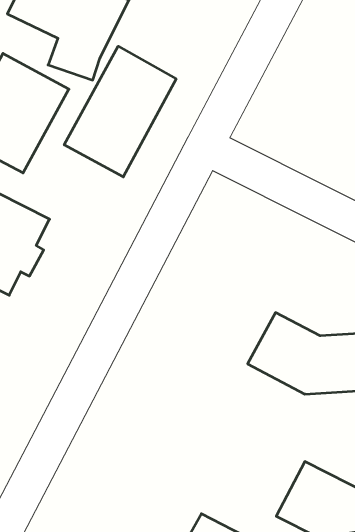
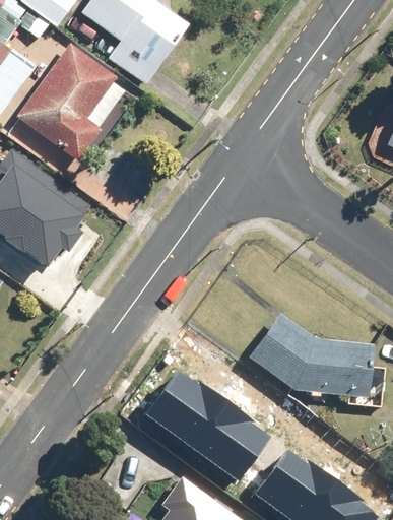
building: [64,46,176,177] -> none
building: none -> [142,369,273,485]

